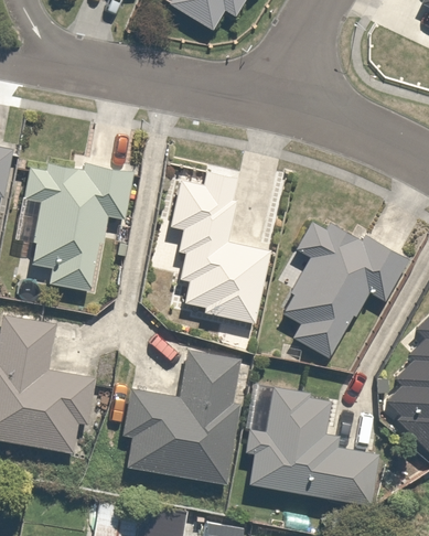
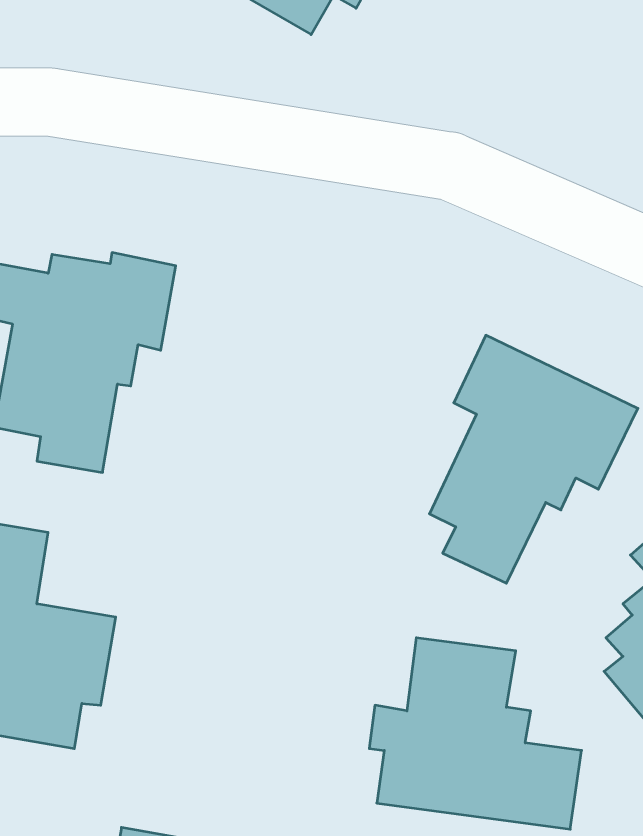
building: [170,172,268,325] -> none
building: [119,357,245,485] -> none

